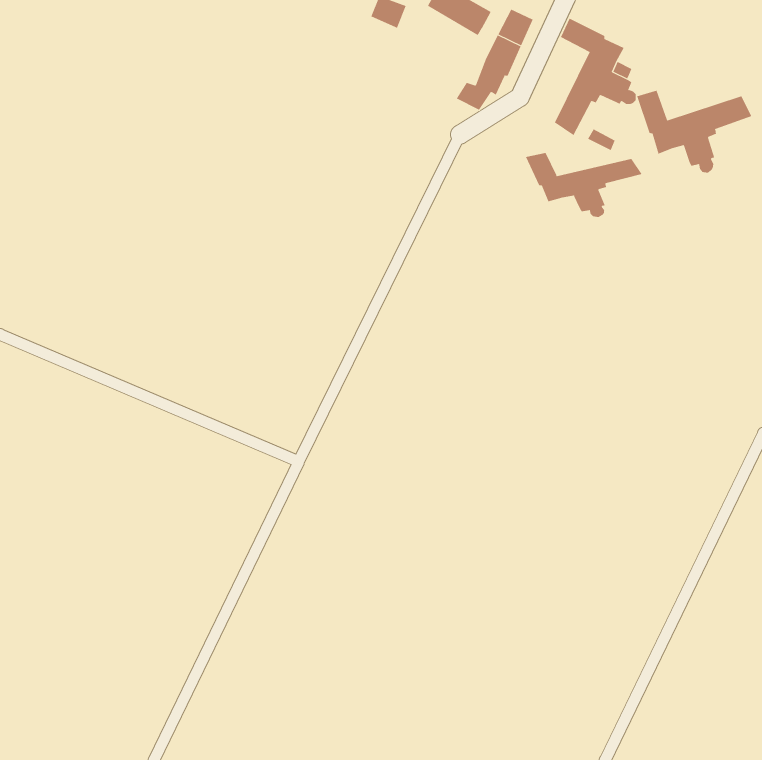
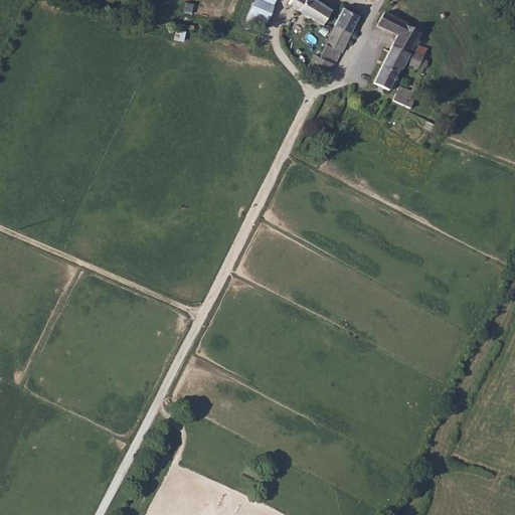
building: [636,90,752,173] -> none
building: [525,152,642,218] -> none

